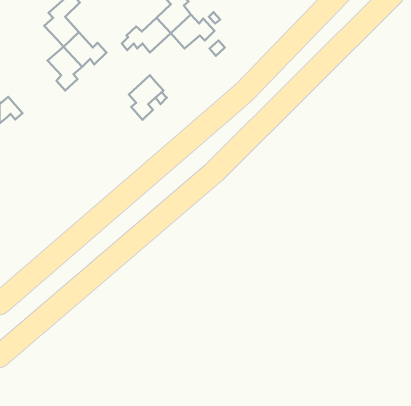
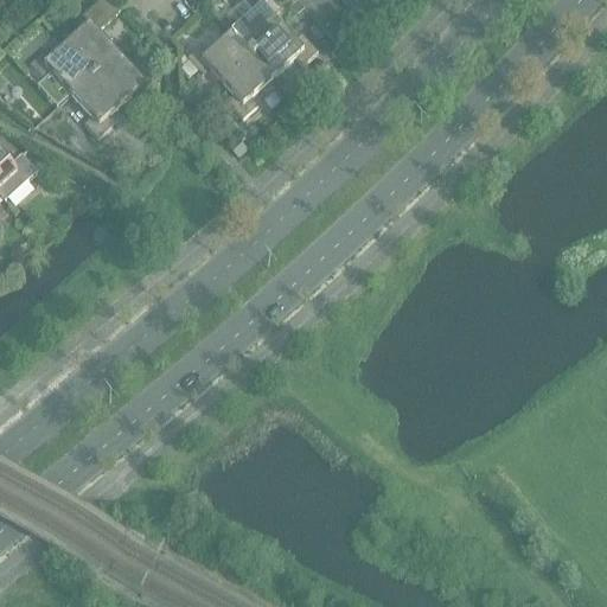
building: none -> [28,38,94,89]
building: [129,75,163,120] -> [221,49,271,114]

